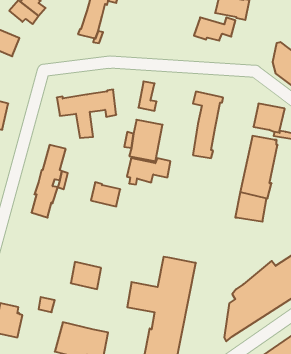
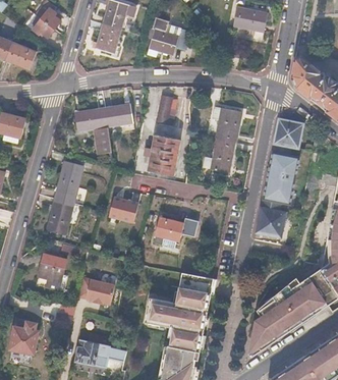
building: [194,17,235,41] -> [149,30,190,53]
building: [127,158,170,184] -> [156,218,200,245]
building: none -> [38,255,66,291]

